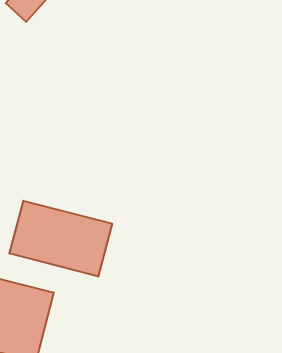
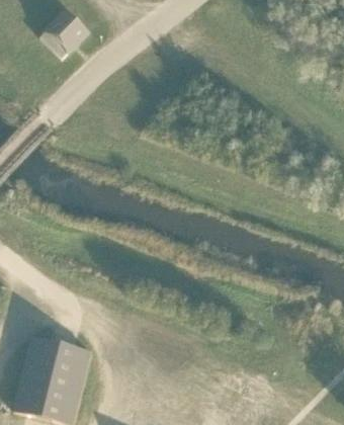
building: [9,201,112,277] -> none

